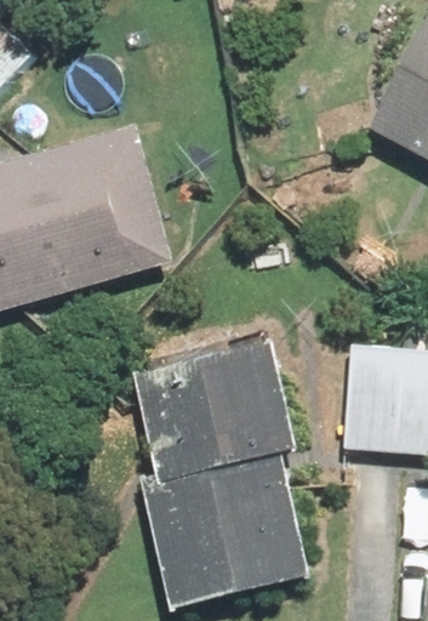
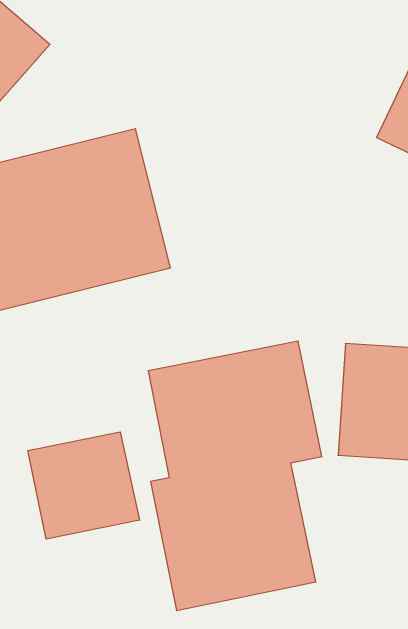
building: none -> [28,432,139,539]

